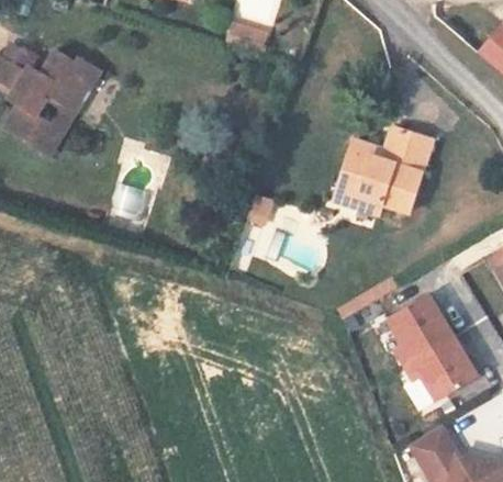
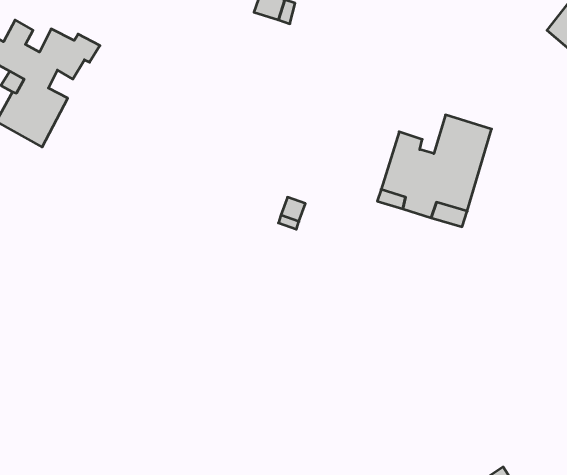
building: [46,66,100,156] -> none
building: [381,293,476,403] -> none

